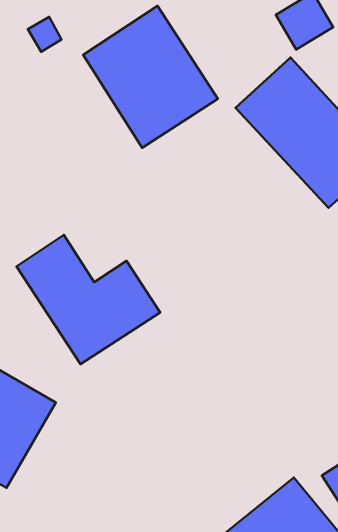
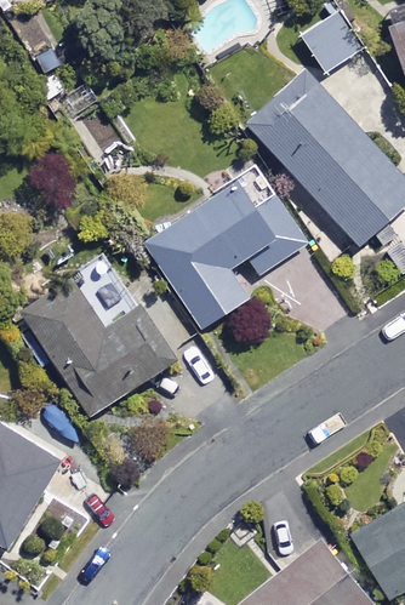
building: [83,6,218,148] -> none
building: none -> [144,169,308,330]

